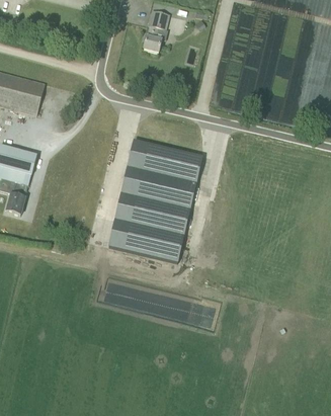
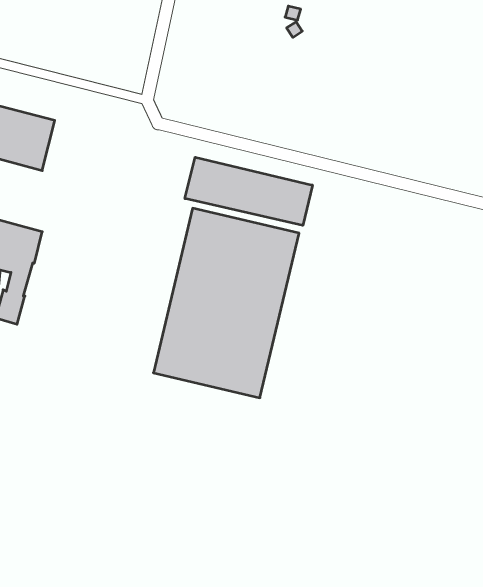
building: [144,10,168,52] -> none
building: none -> [185,157,312,225]

